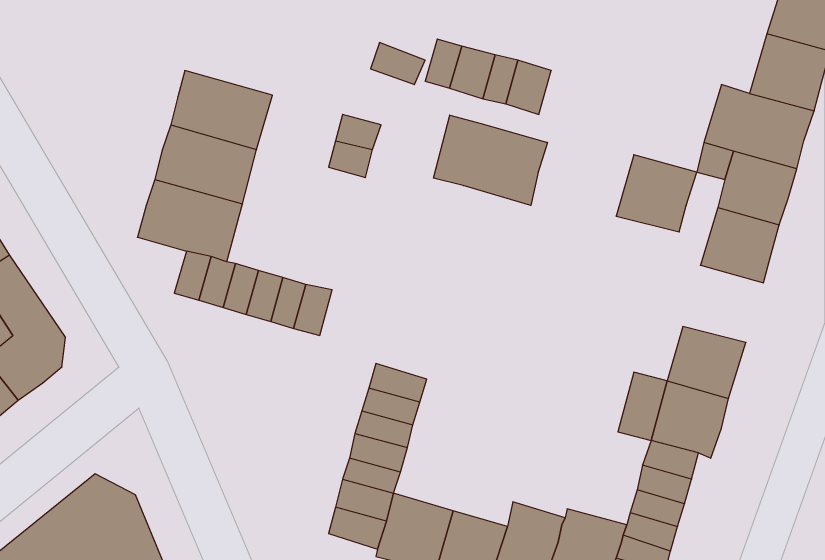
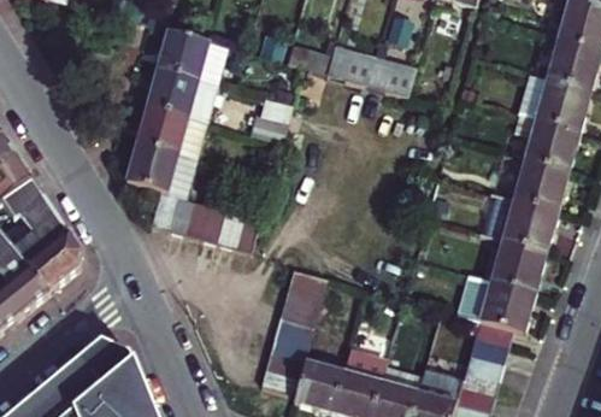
building: none -> [159,29,229,83]
building: [433,115,547,205] -> none
building: [616,155,697,232] -> [501,200,556,253]

